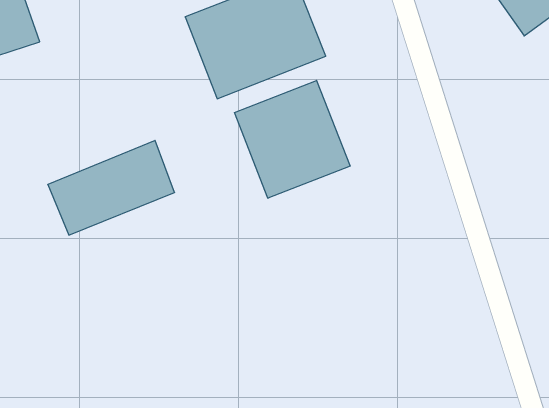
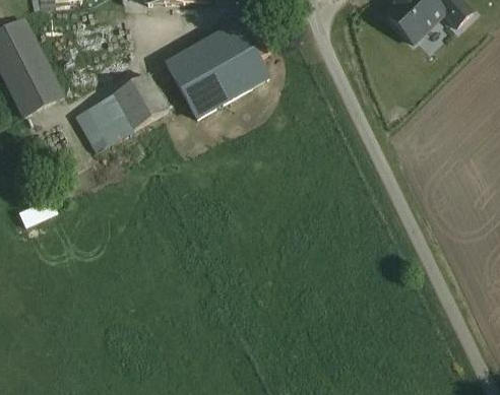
building: [234,80,350,198] -> none
building: [48,140,175,235] -> [75,73,168,150]

